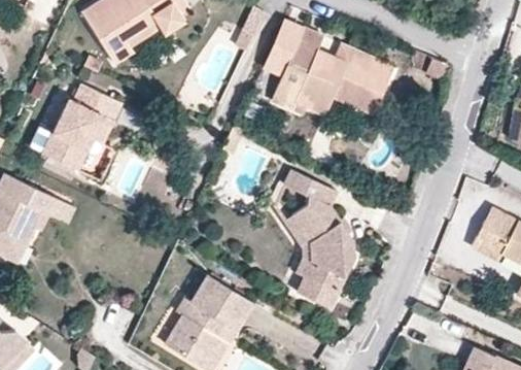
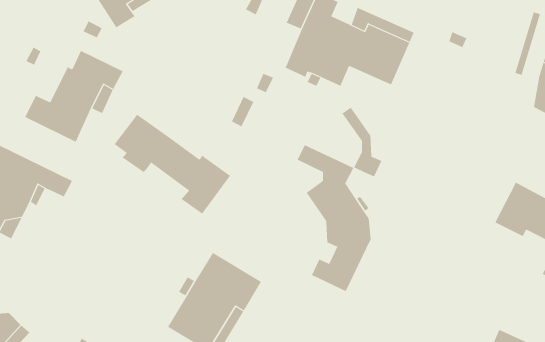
building: none -> [114,114,231,214]
building: [283,216,321,282] -> [341,107,382,177]

